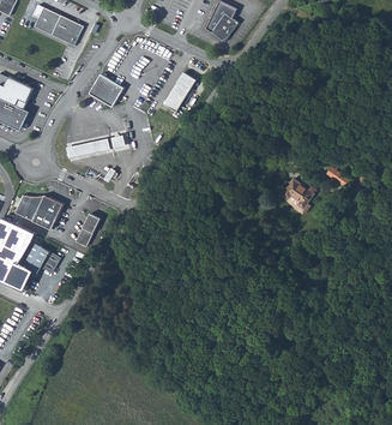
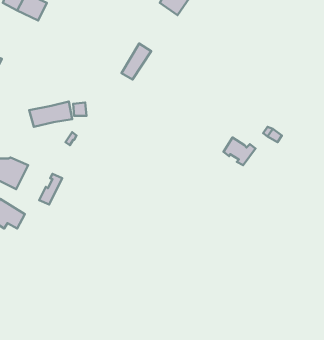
building: [88,72,123,107] -> none

